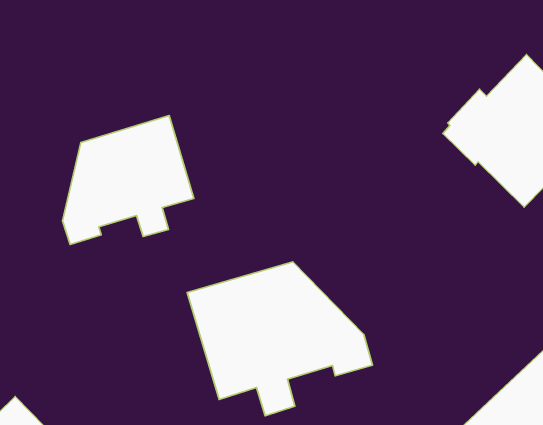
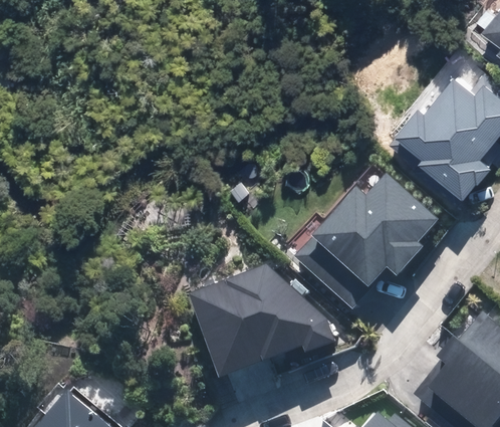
building: [63,116,194,245] -> none
building: none -> [300,170,450,308]

